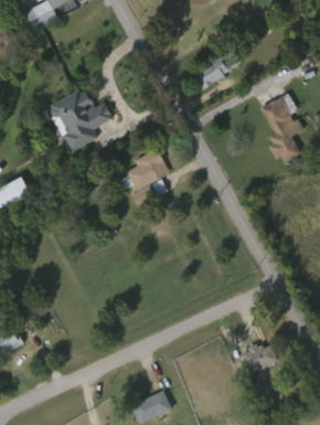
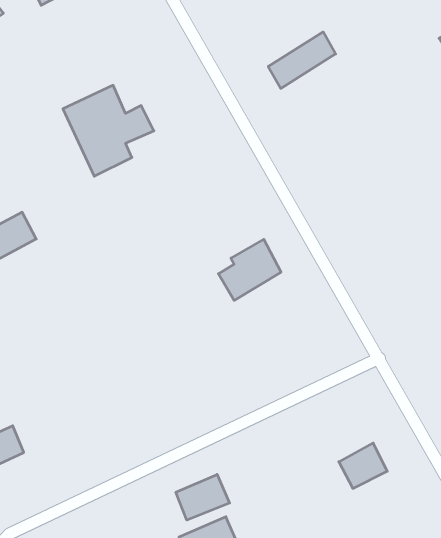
building: [262,94,303,163] -> none
building: [126,148,170,191] -> [218,239,281,300]
building: none -> [176,474,230,520]

